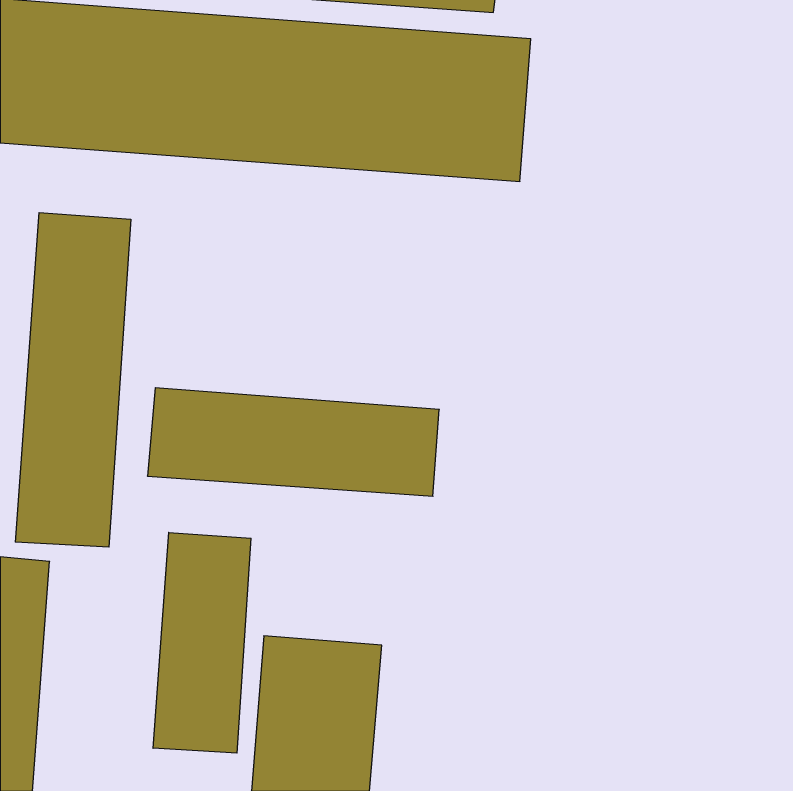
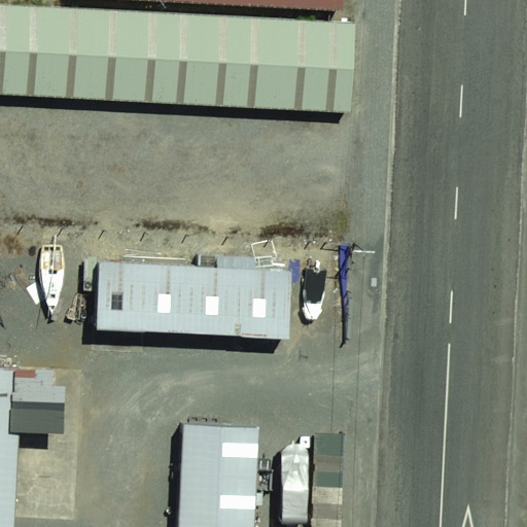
building: [15,213,131,547] -> none
building: [153,532,251,753] -> none

